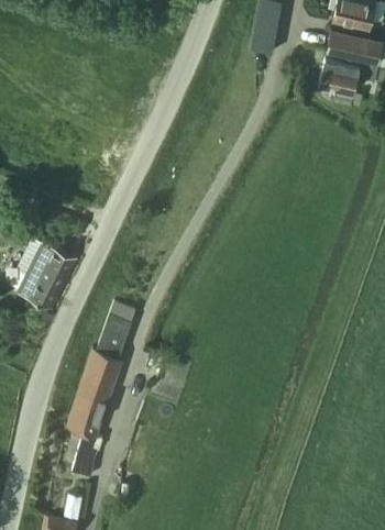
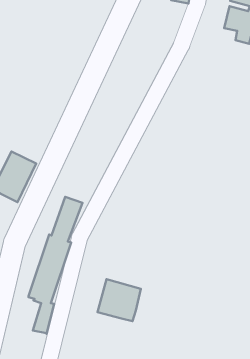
building: none -> [98,279,141,321]

